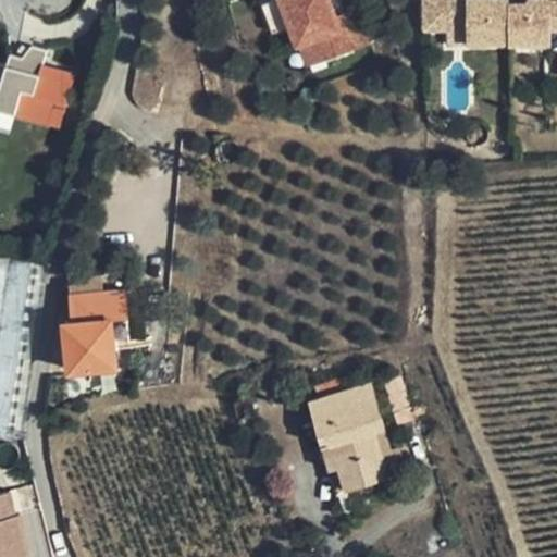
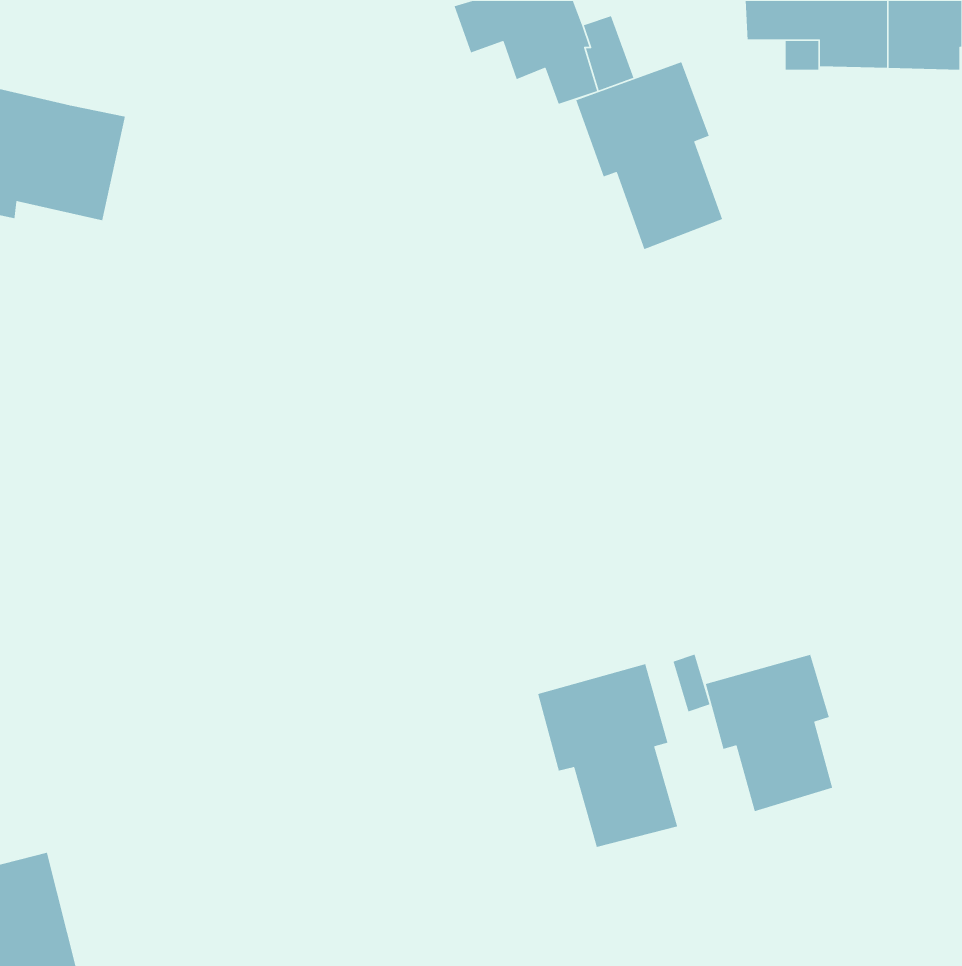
building: none -> [575,61,723,250]
building: [60,288,126,371] -> none
building: none -> [705,654,833,812]

